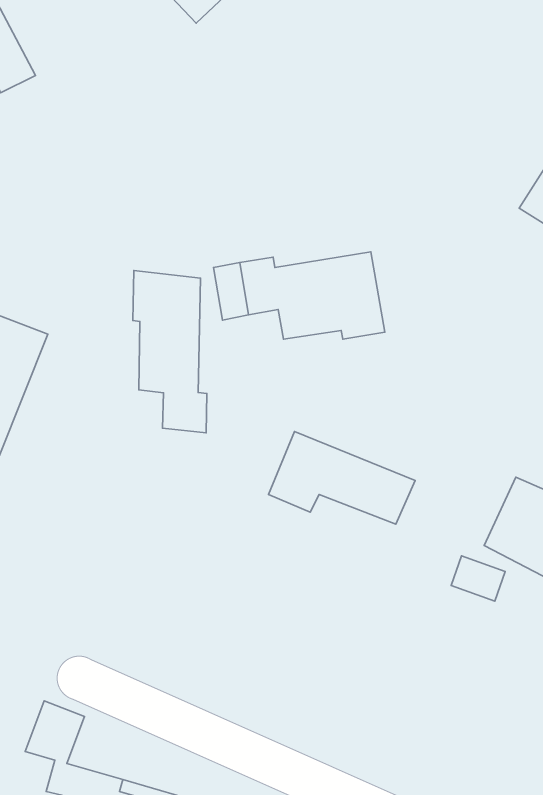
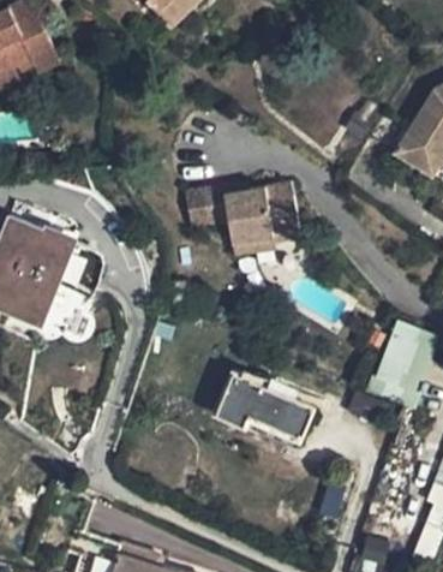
building: [133,270,207,433] -> none
building: [268,432,415,524] -> [214,373,315,436]

